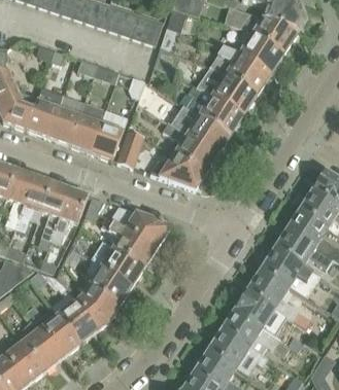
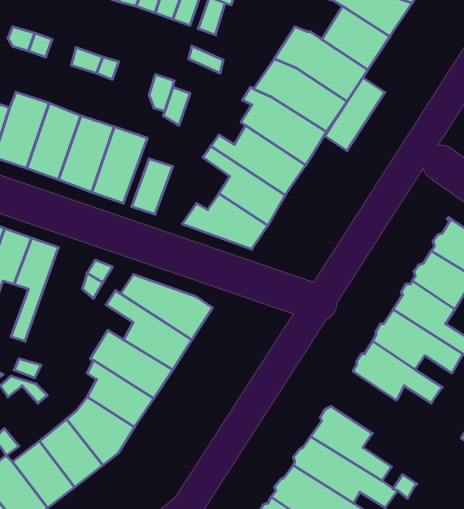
building: none -> [325,78,385,151]
building: [47,188,88,253] -> none
building: [246,269,310,328] -> none

